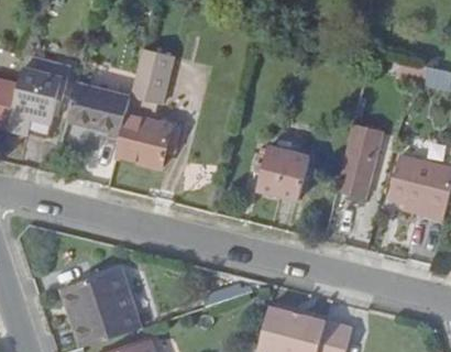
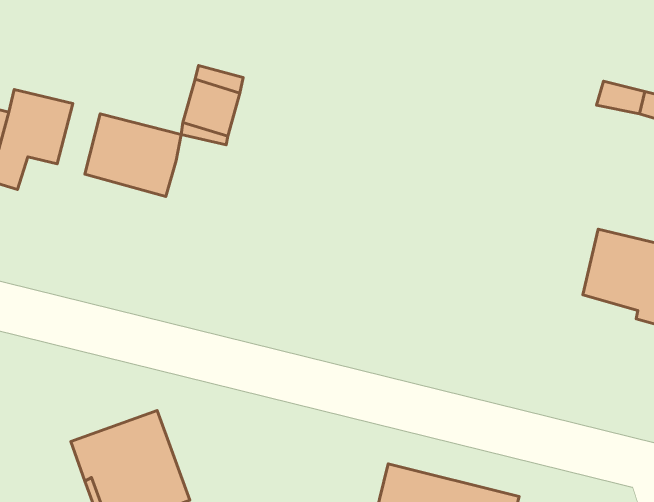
building: [122,112,178,167] -> none
building: [340,124,383,195] -> none
building: [261,145,314,200] -> none

